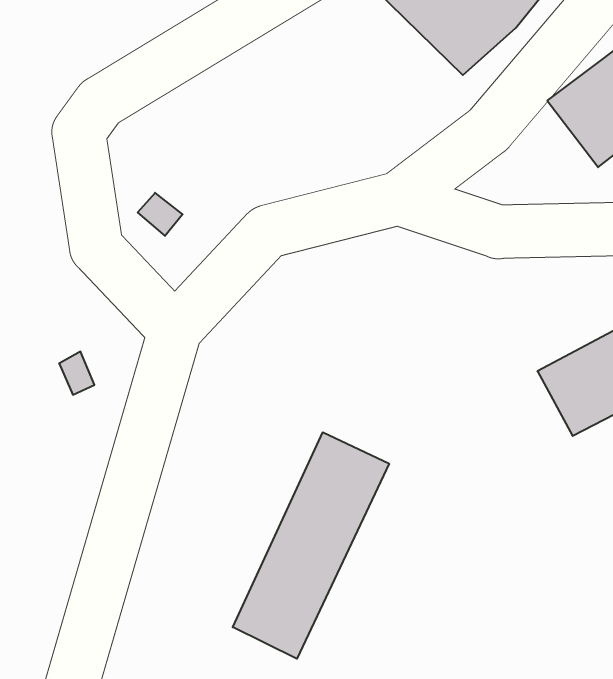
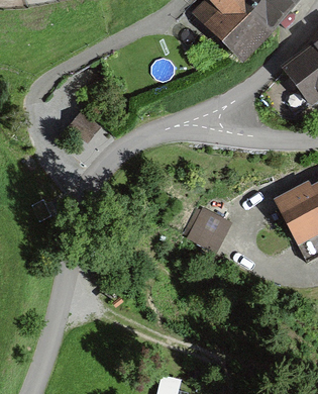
building: none -> [188,199,234,250]
building: [233,432,389,659] -> none

